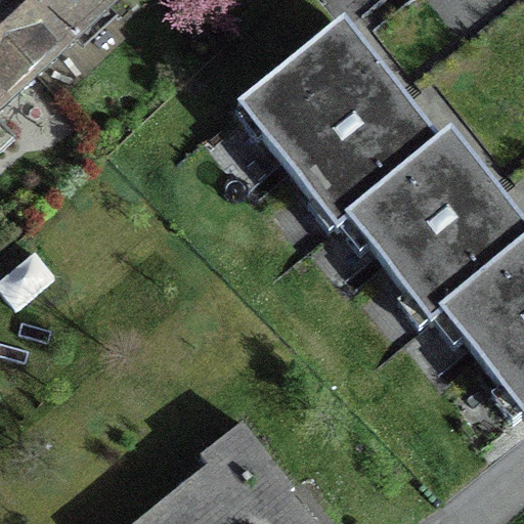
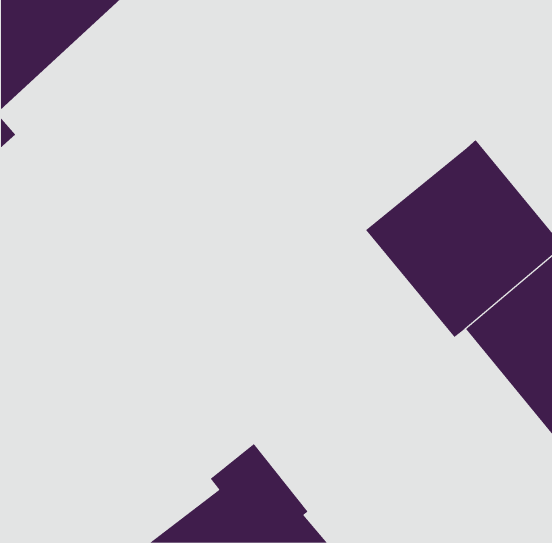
building: [237,19,442,225] -> none

